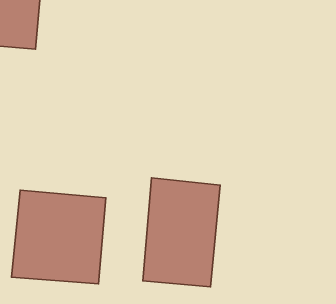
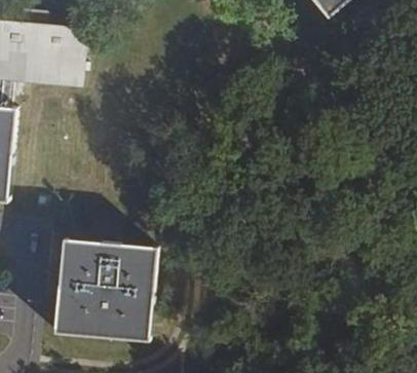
building: [143,178,220,287] -> none

